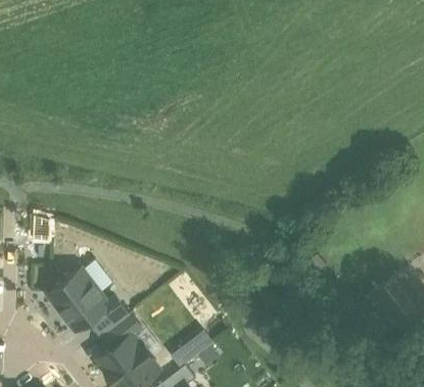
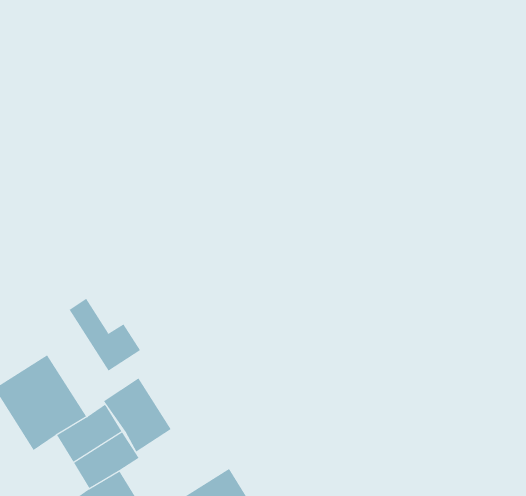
building: none -> [69,298,141,372]
building: none -> [103,377,172,453]

